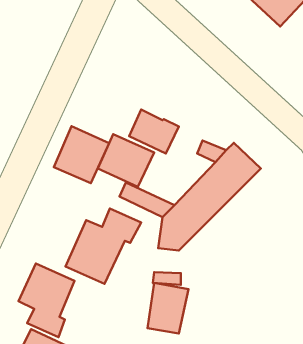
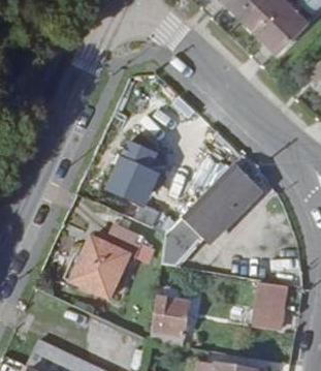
building: [54,126,109,183] -> none
building: none -> [254,276,286,319]
building: [19,263,75,337] -> none

